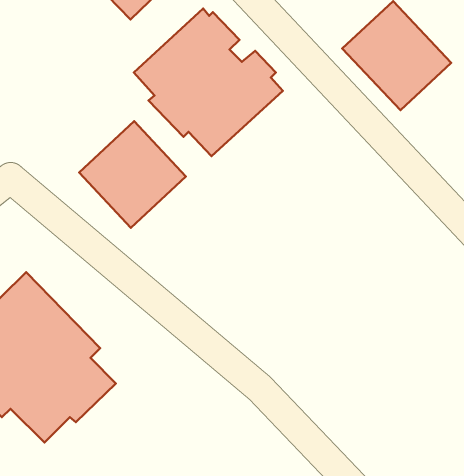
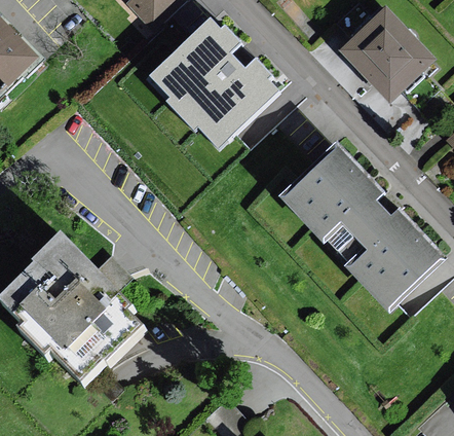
building: [79,121,186,228] -> none
building: none -> [266,142,429,308]

